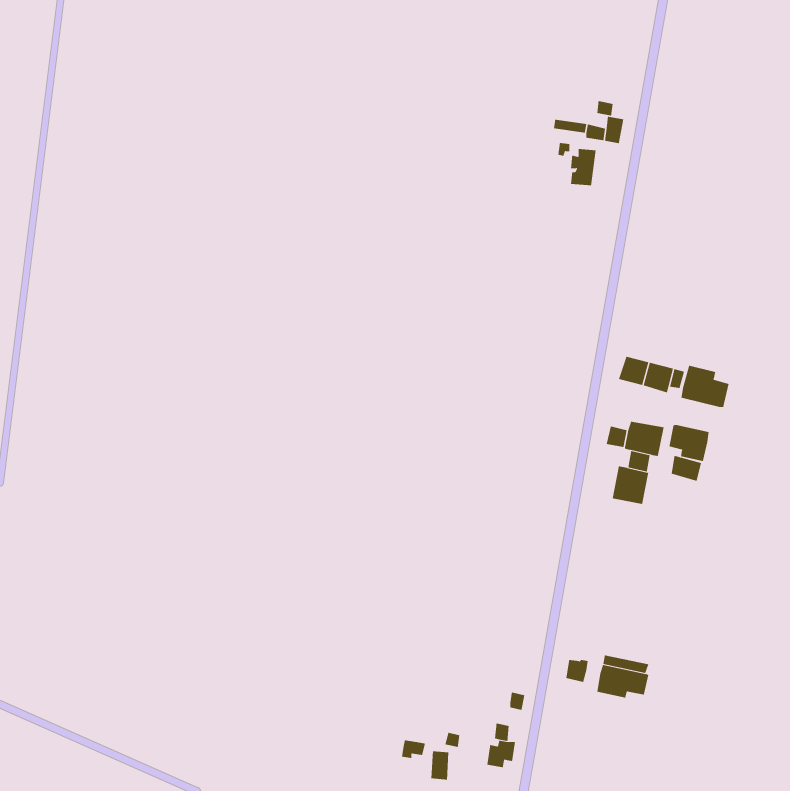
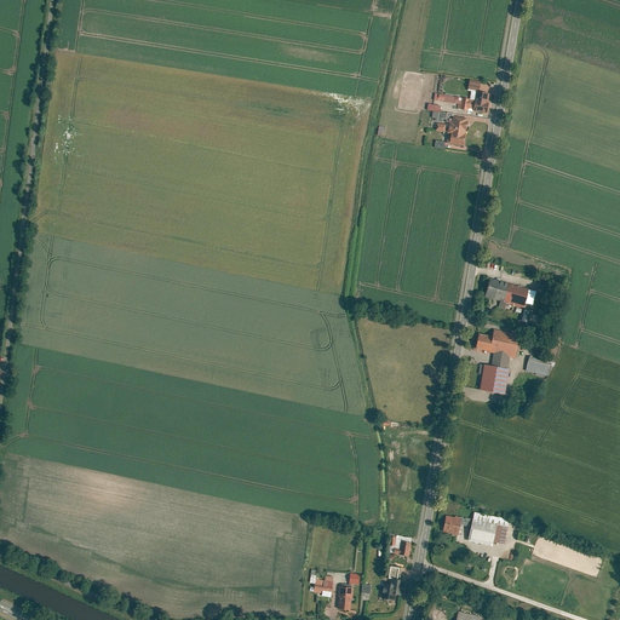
building: [681,365,729,408] -> none
building: [669,424,709,462] -> none

